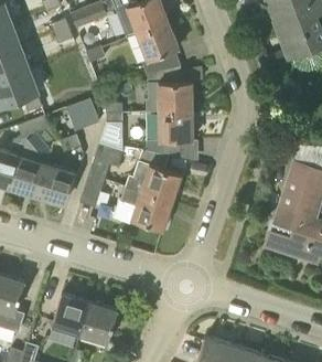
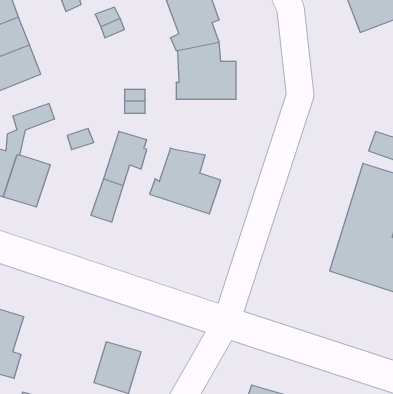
building: [65,98,98,131] -> none
building: [144,111,193,160] -> none
building: [35,163,73,204] -> none
building: [119,187,172,230] -> none
building: [53,295,90,336] -> none

